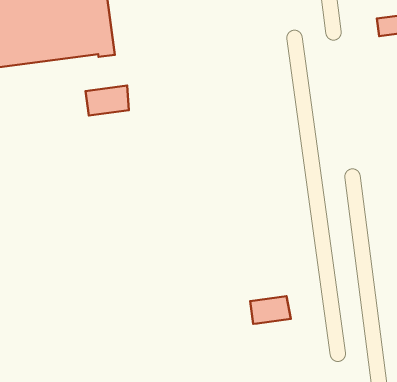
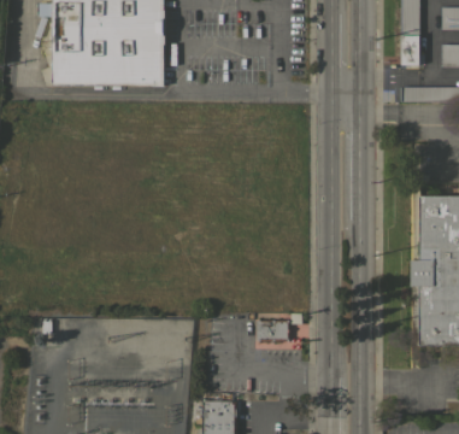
building: [86,86,129,116] -> none

